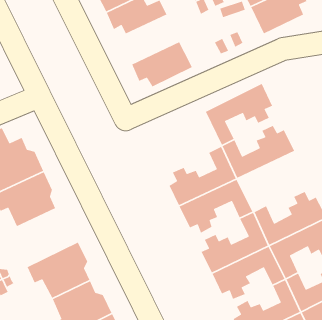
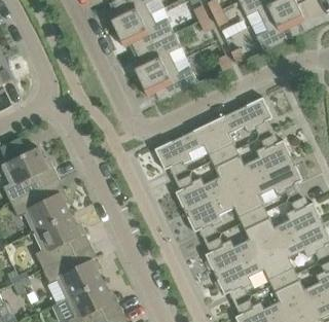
building: none -> [133,33,186,79]
building: none -> [155,123,225,175]
building: none -> [240,160,303,217]
building: none -> [34,214,92,269]

